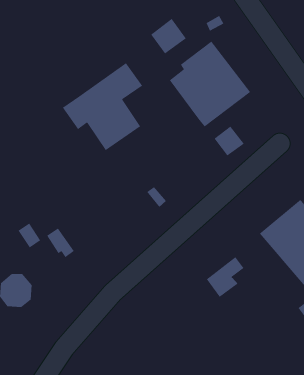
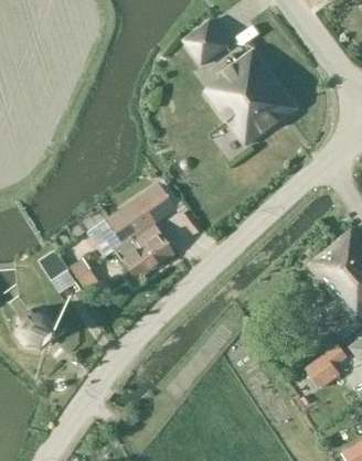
building: [62,62,143,151] -> [86,180,177,279]
building: [214,126,245,157] -> none
building: [206,256,244,298] -> [306,342,349,388]

